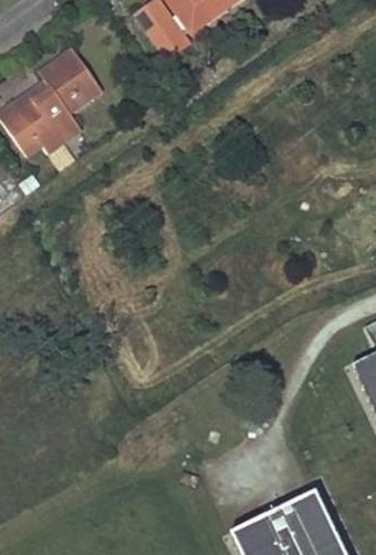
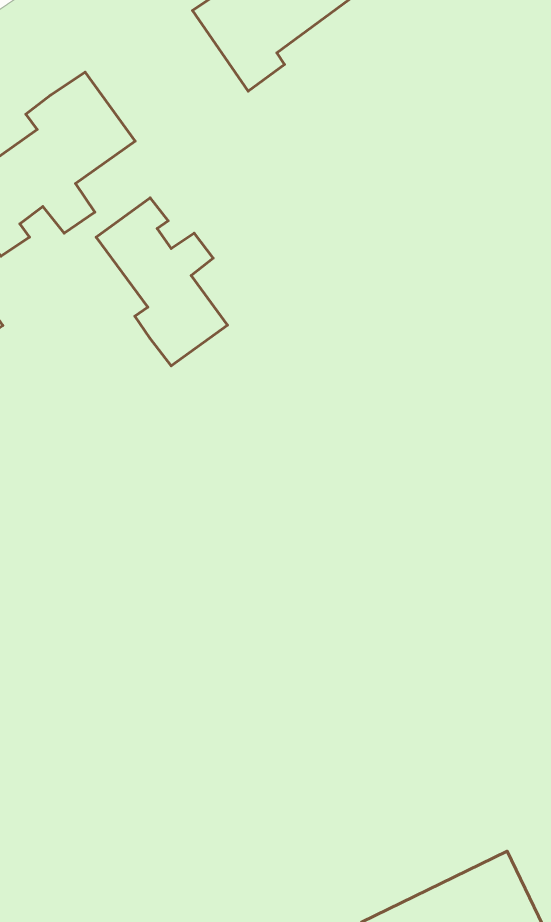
building: none -> [96,198,227,366]

